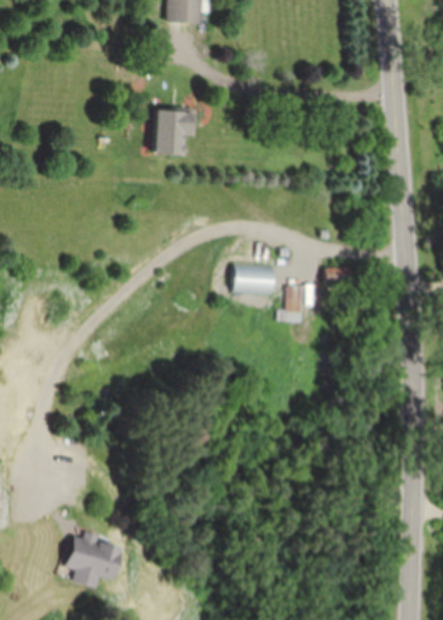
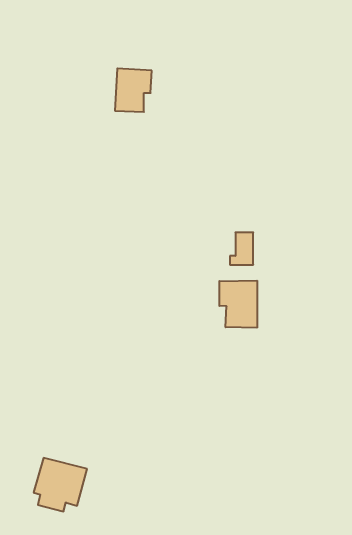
building: [232,263,274,294] -> none
building: none -> [219,281,257,328]

